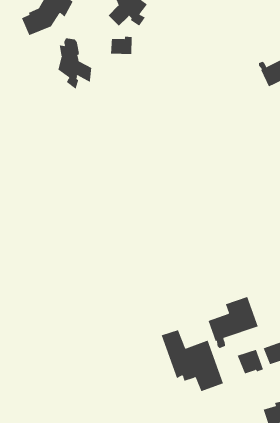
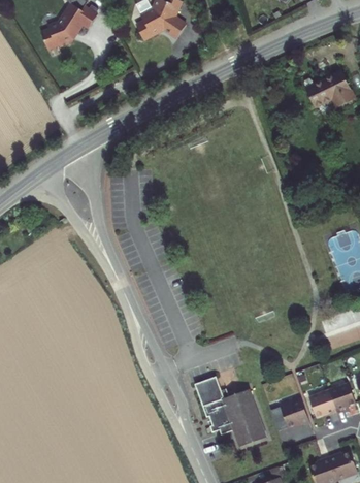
building: [110,36,132,55] -> none
building: [58,37,92,90] -> none
building: [208,296,259,349] -> none

